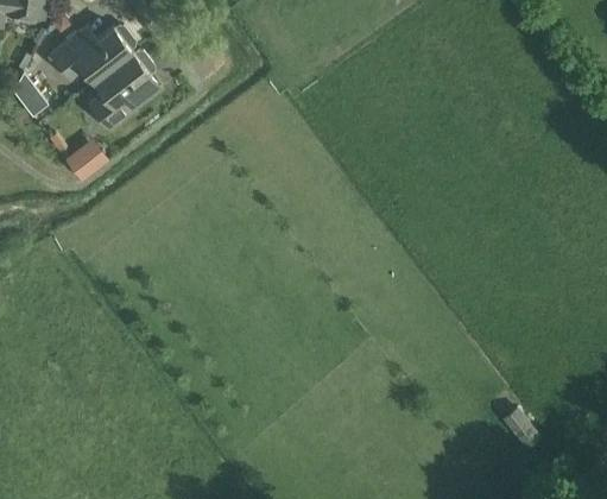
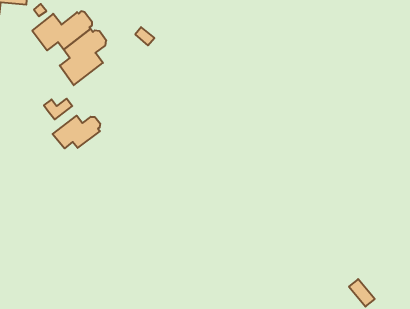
building: [13,75,49,118] -> none
building: none -> [53,116,100,148]

